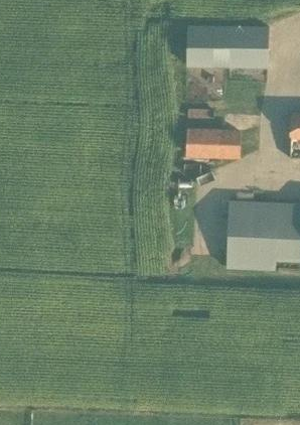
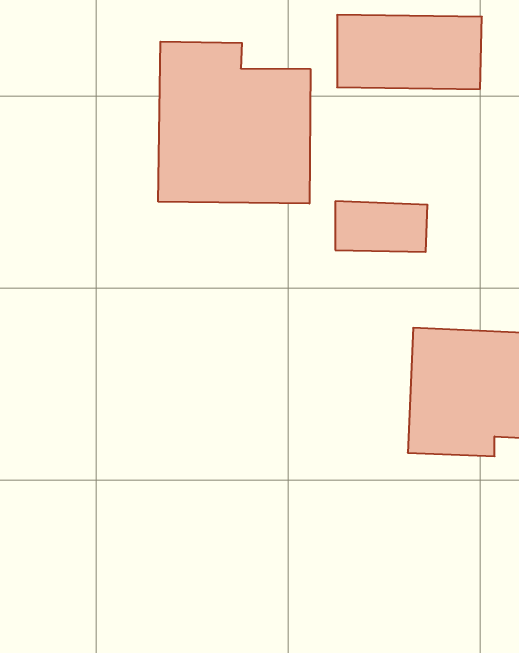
building: none -> [158,42,310,204]

